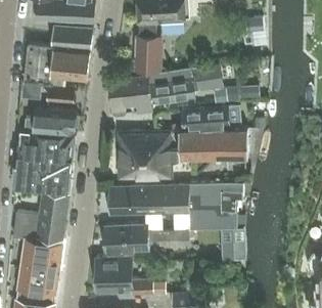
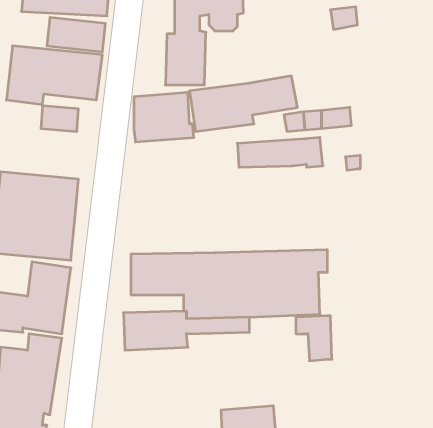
building: [34,107,79,134] -> none
building: [118,130,247,179] -> none
building: [96,257,165,296] -> none

